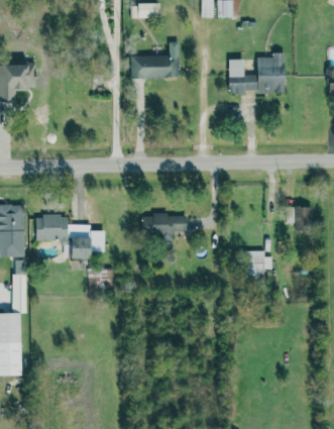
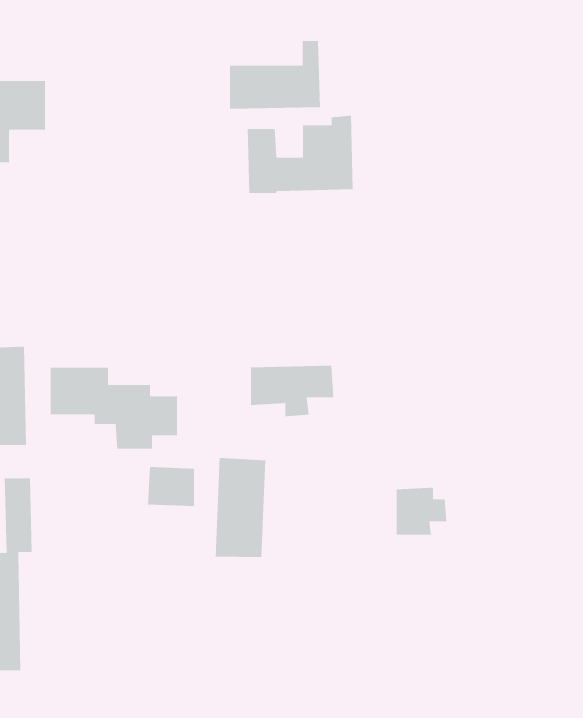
building: [228,52,285,94] -> [247,115,354,193]
building: [294,207,313,230] -> none
building: [245,250,272,276] -> [396,487,447,535]
building: none -> [215,457,266,558]

